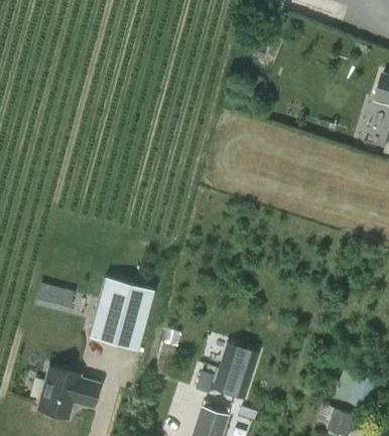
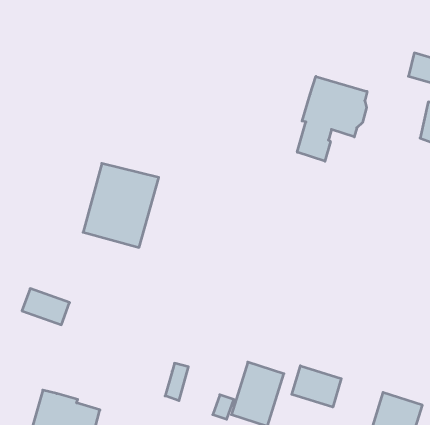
building: none -> [297,76,367,161]
building: [90,277,155,349] -> [83,163,159,247]
building: none -> [292,366,341,407]

